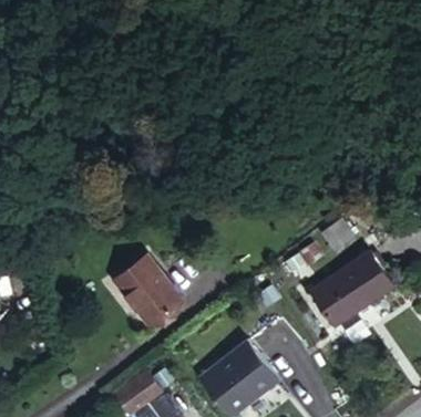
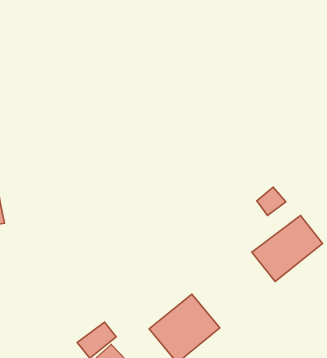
building: [113,256,184,329] -> none

